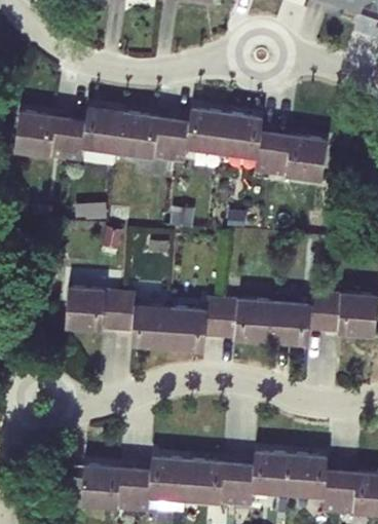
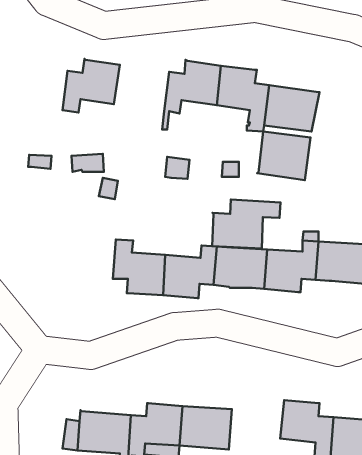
building: [13,111,70,159] -> none
building: [117,113,174,160] -> none
building: none -> [257,132,311,180]
building: none -> [212,200,280,248]
building: [65,287,119,331] -> none
building: [234,451,291,506] -> none

